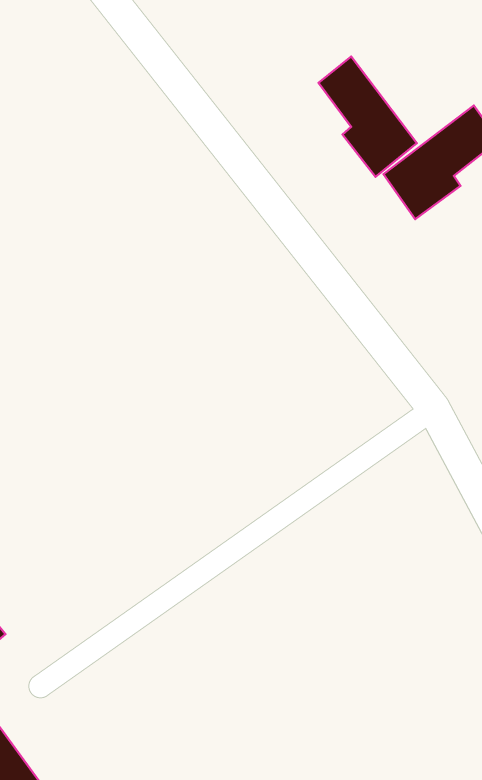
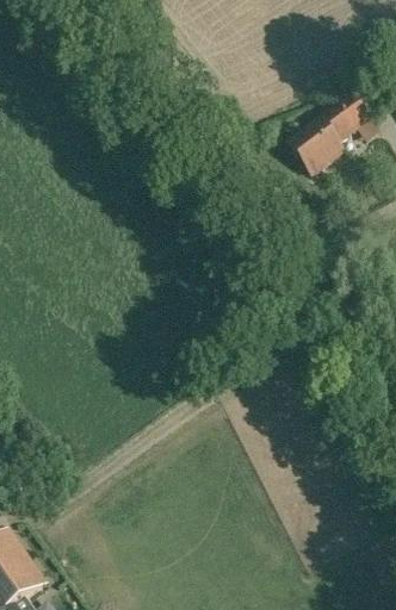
building: [319,57,417,177] -> none

